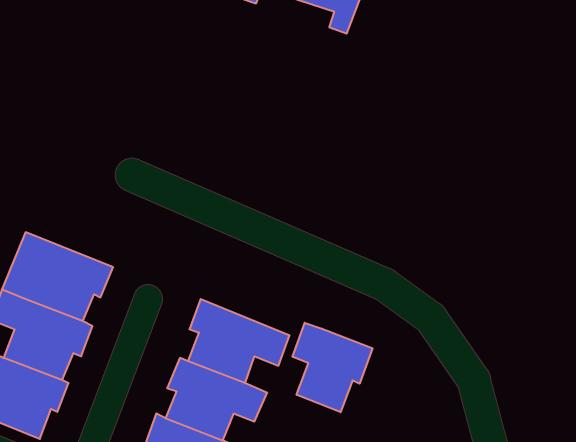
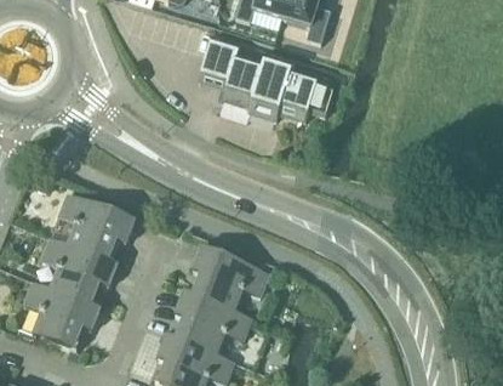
building: none -> [199,36,333,120]
building: [293,323,373,412] -> none

